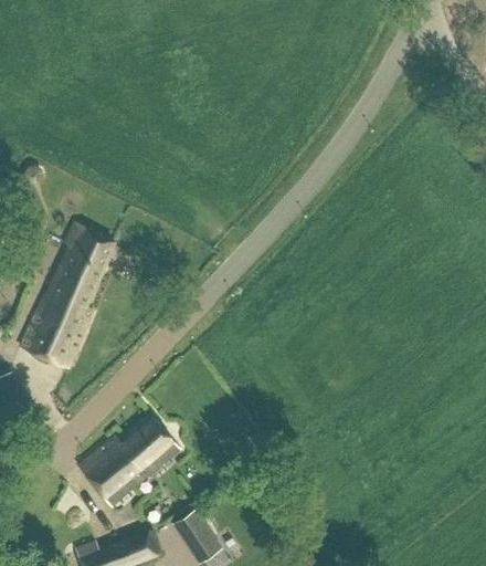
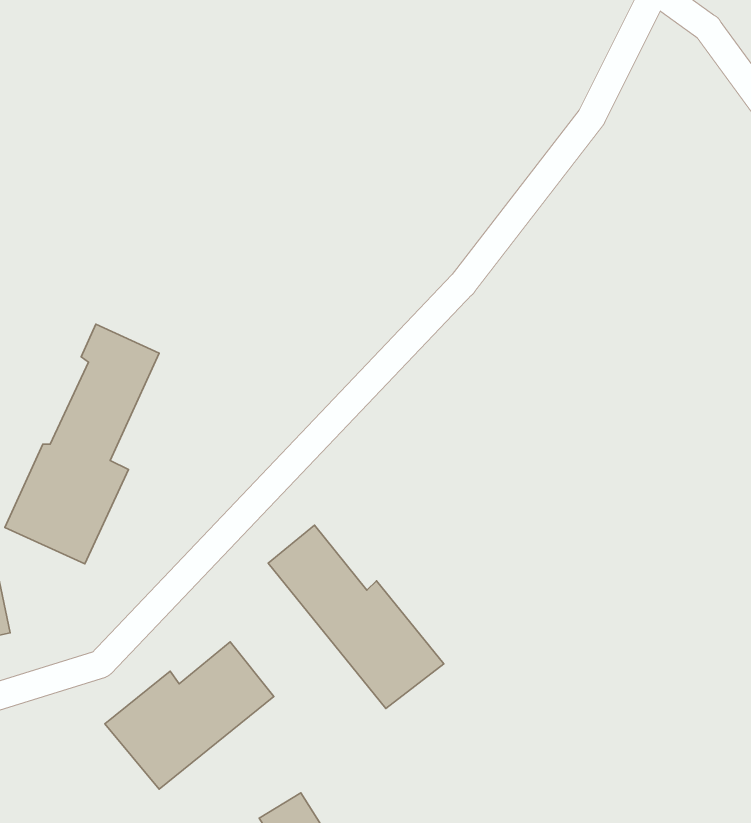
building: none -> [268,525,444,709]

